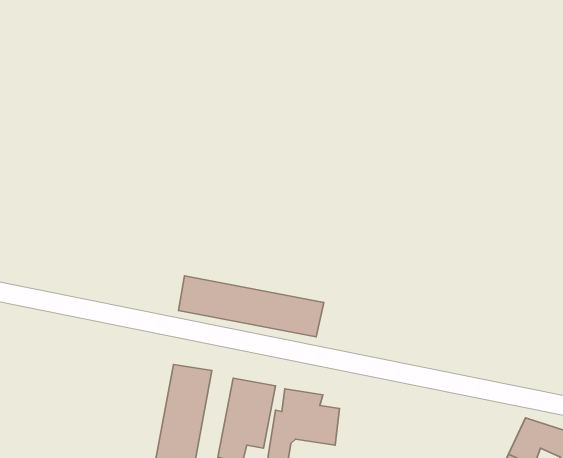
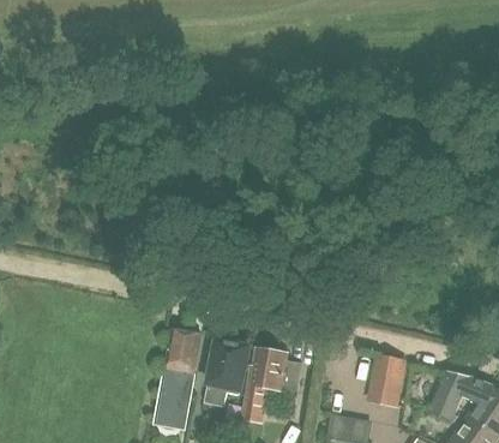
building: [179,276,324,337] -> none
building: none -> [371,355,403,389]

